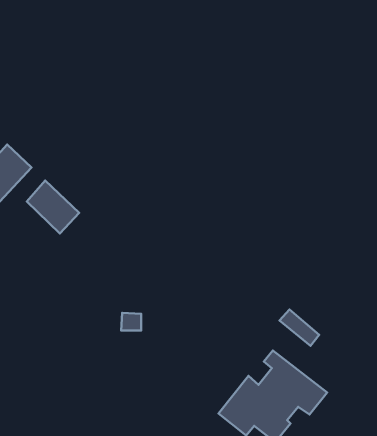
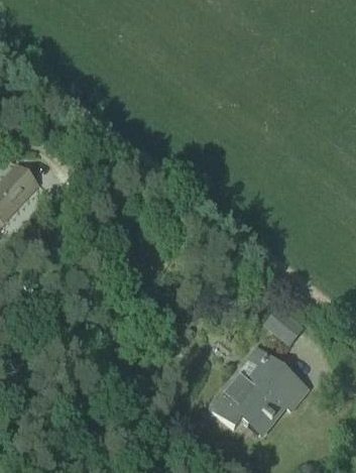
building: [27,181,79,234] -> none

